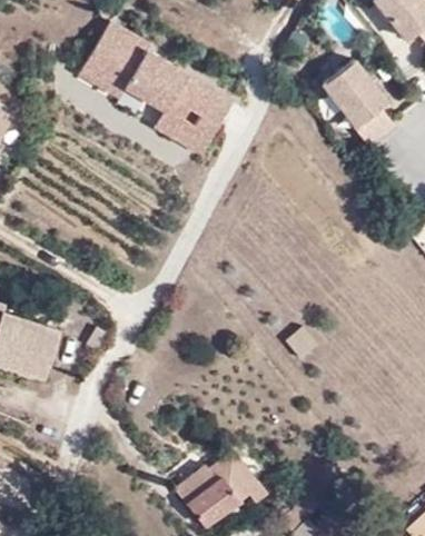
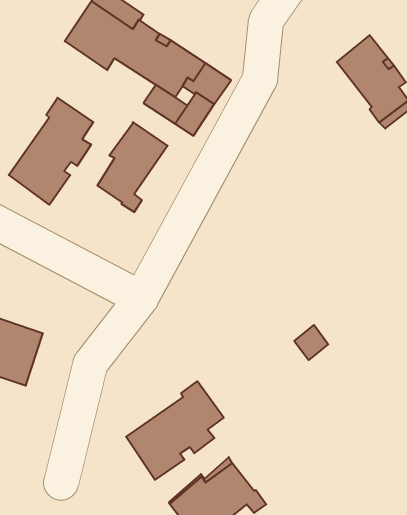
building: none -> [9,98,93,205]
building: none -> [97,122,168,212]
building: none -> [126,381,224,480]

